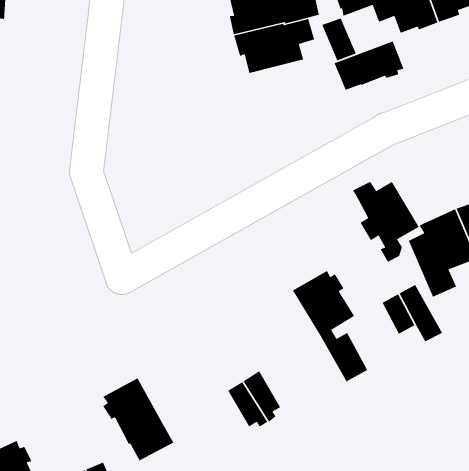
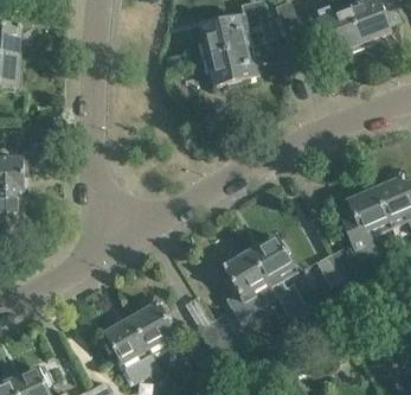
building: [333,40,405,91] -> none
building: [352,181,420,263] -> [218,250,270,313]
building: none -> [130,294,178,353]

